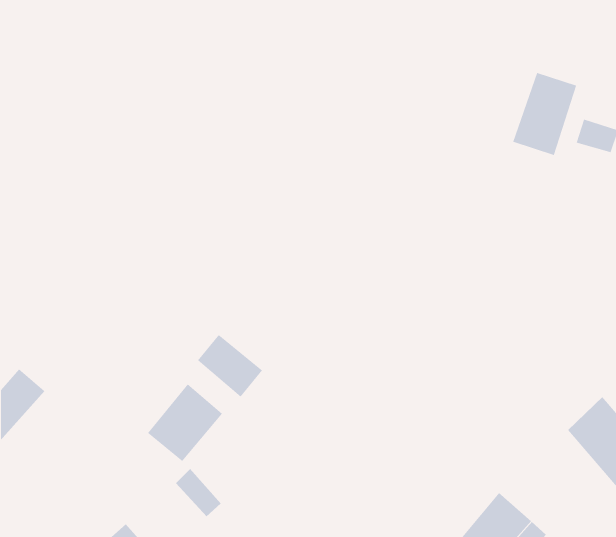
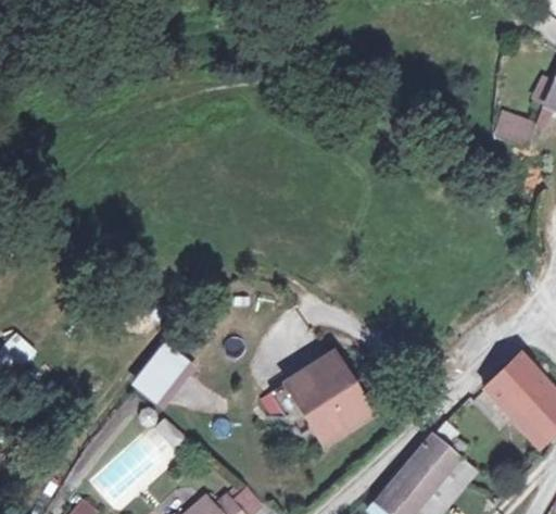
building: [513,72,577,156] -> none
building: [197,334,263,398] -> none
building: none -> [285,359,362,441]

